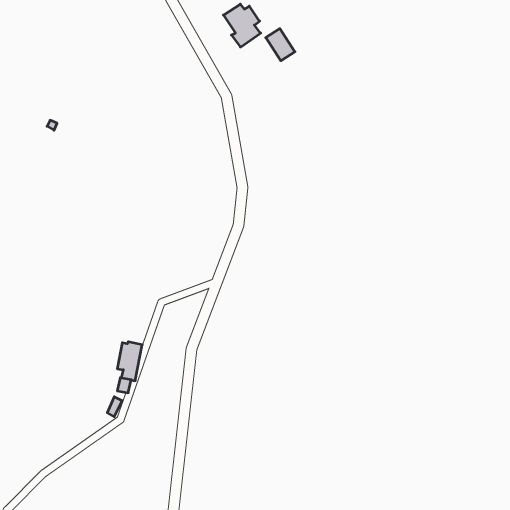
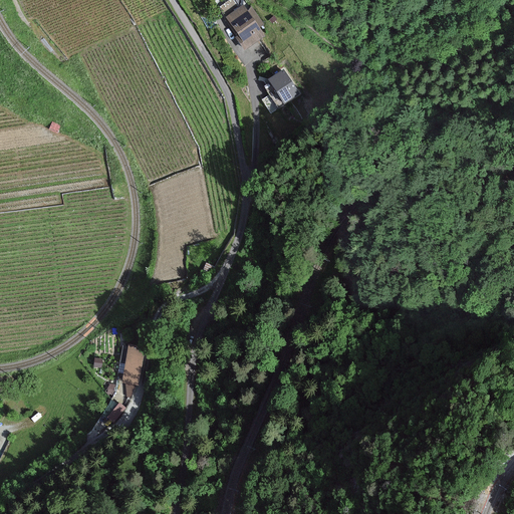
building: [266,29,295,61] -> [268,68,297,100]

